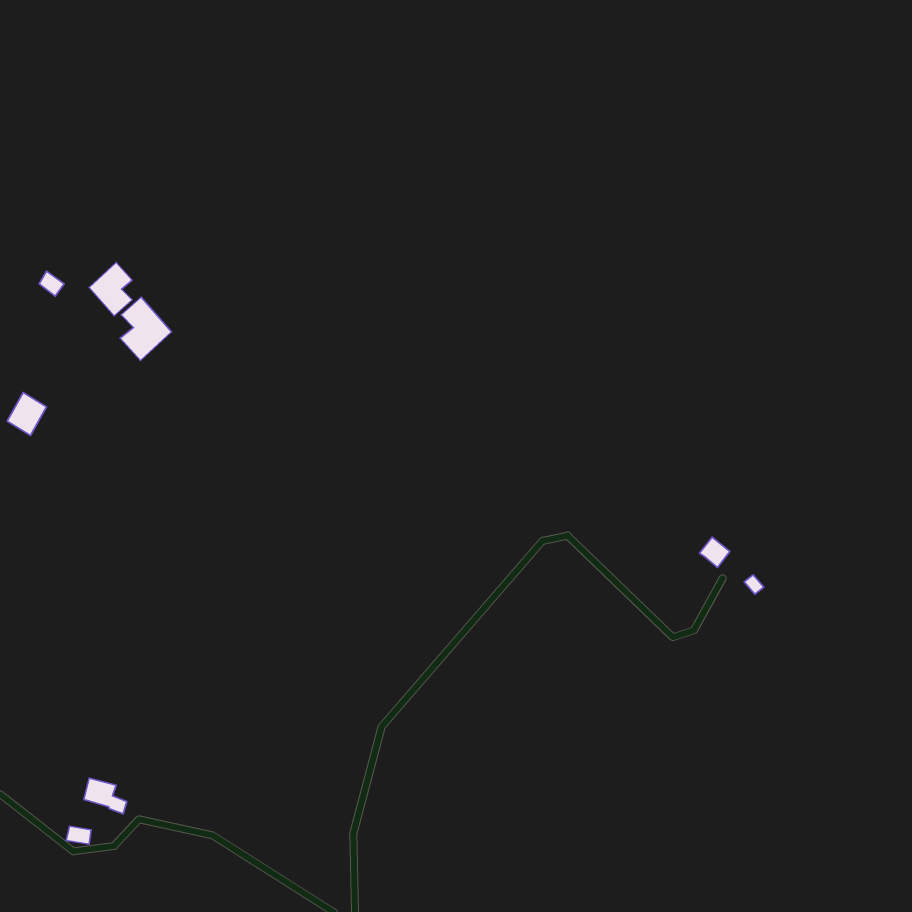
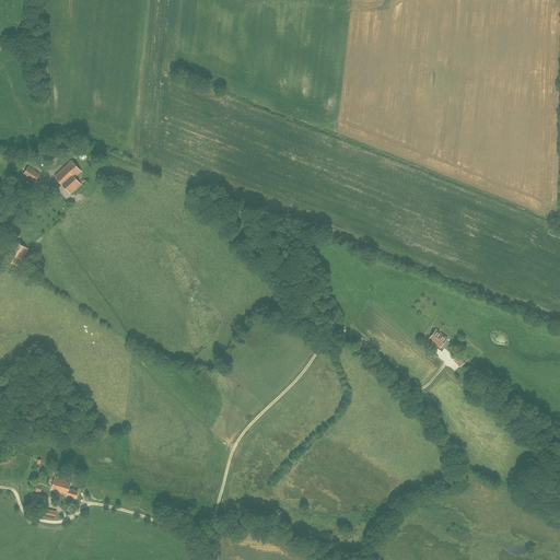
building: [120,297,171,361] -> none

